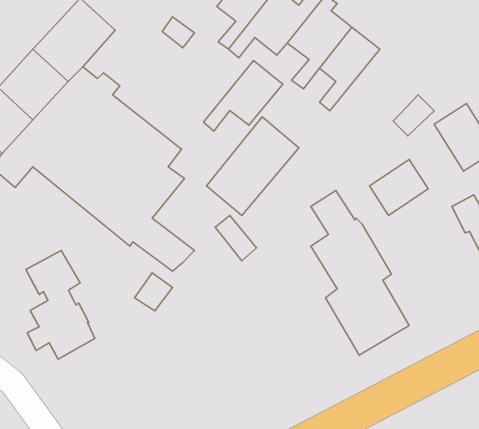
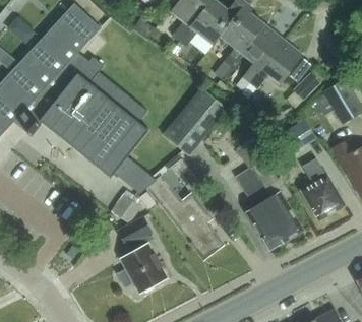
building: [203,60,283,131] -> [248,40,303,88]
building: none -> [301,157,343,219]
building: none -> [146,175,224,255]
building: [26,250,95,359] -> [117,216,165,292]

